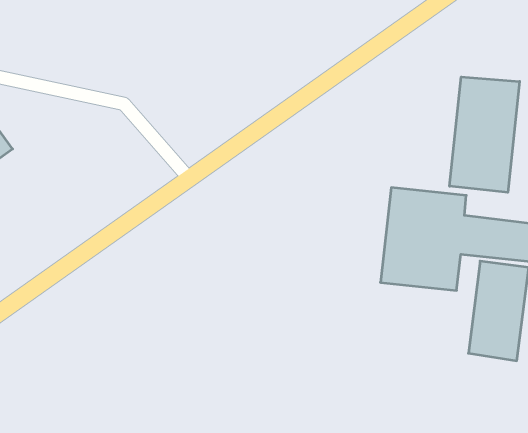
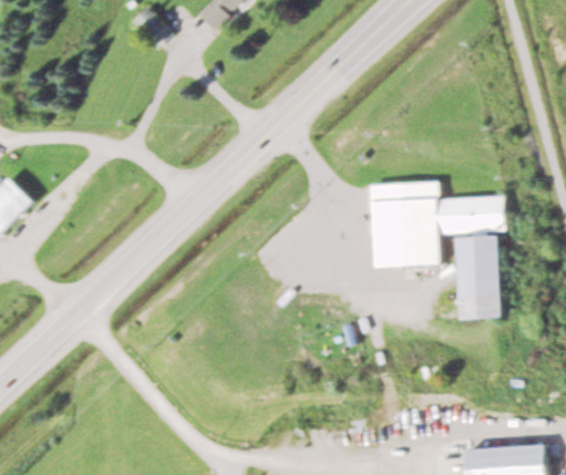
building: [450,77,520,192] -> none

